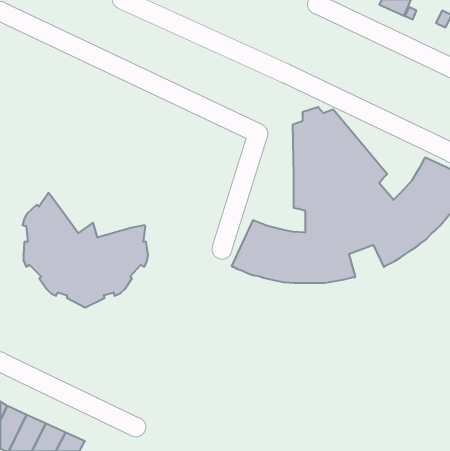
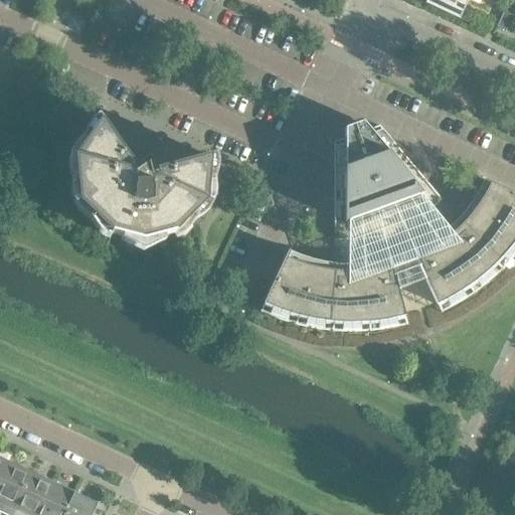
building: [22,193,148,307] -> [72,120,215,249]

